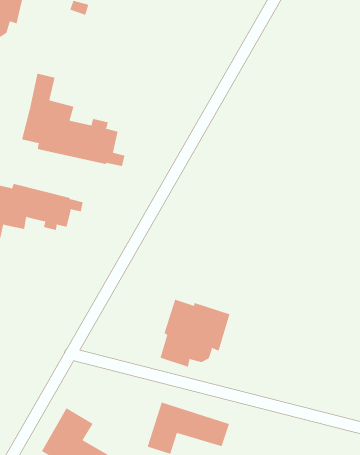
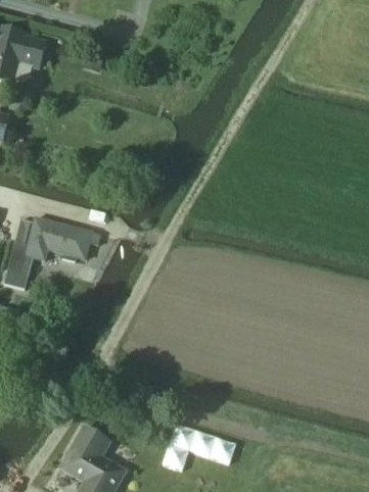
building: [21,73,125,167] -> none
building: [160,299,230,368] -> none

